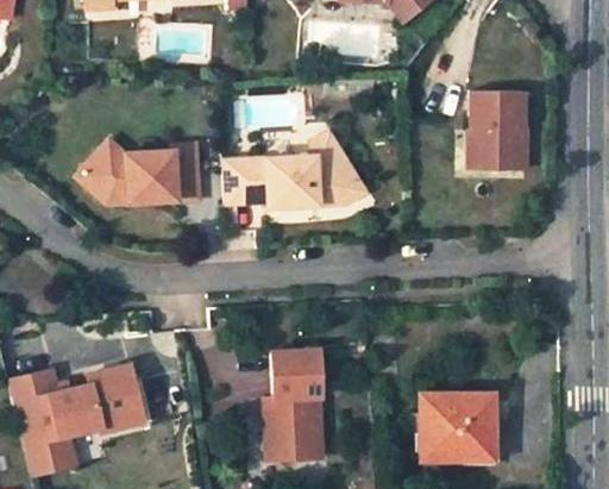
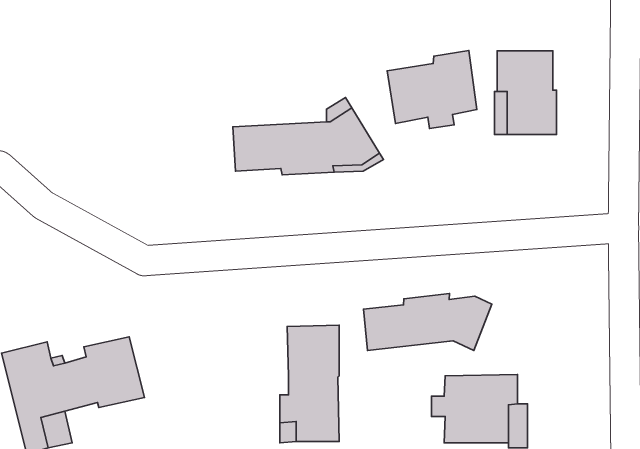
building: none -> [387,51,477,129]
building: [76,139,199,203] -> none
building: none -> [364,293,492,350]

